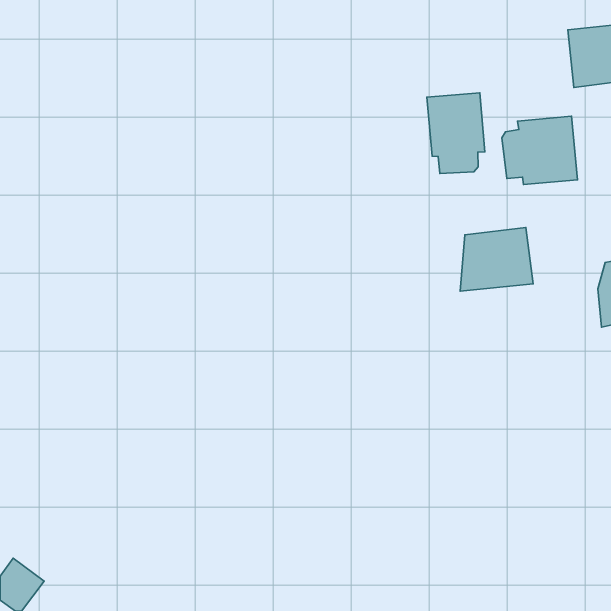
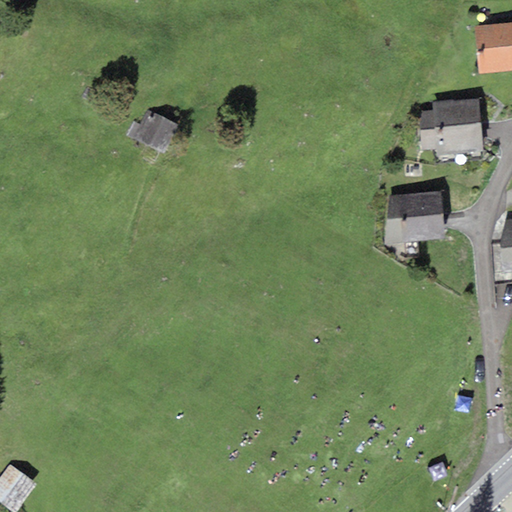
building: [427,93,485,173] -> none
building: none -> [127,109,179,153]

